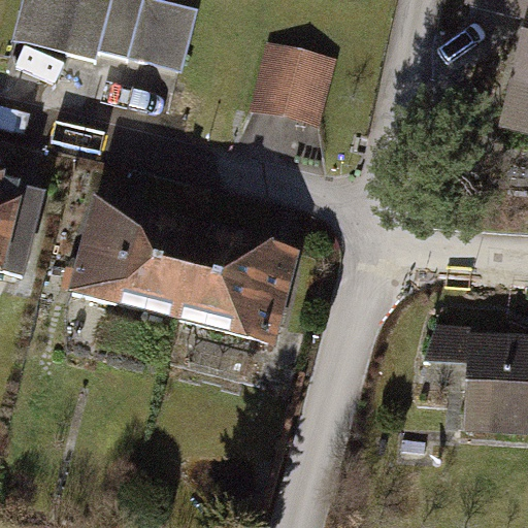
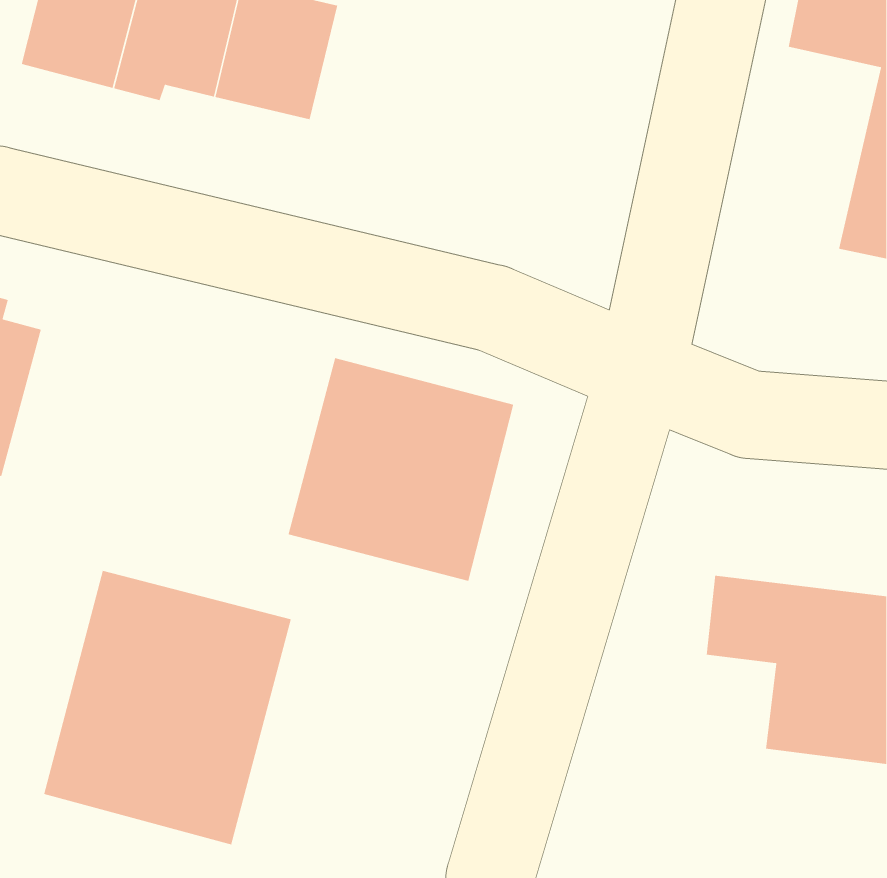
building: [252,36,336,125] -> none
building: [72,186,198,317] -> none
building: none -> [43,570,292,846]

